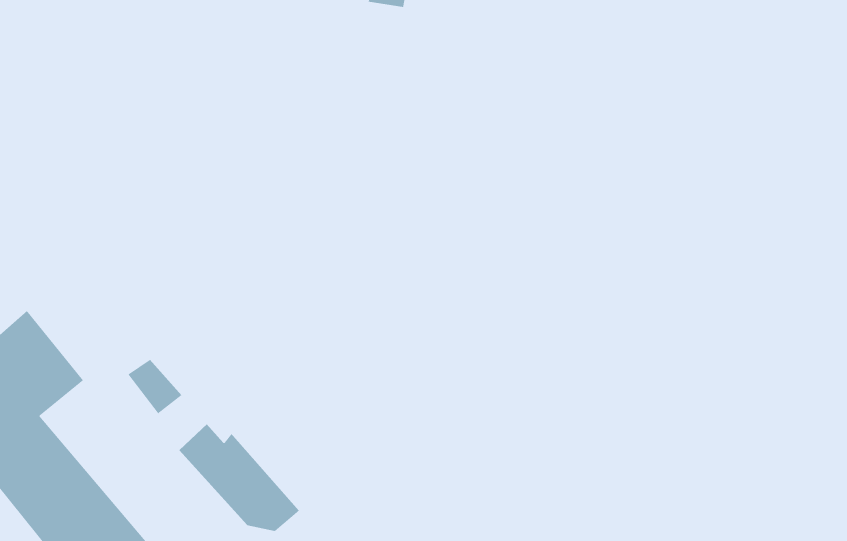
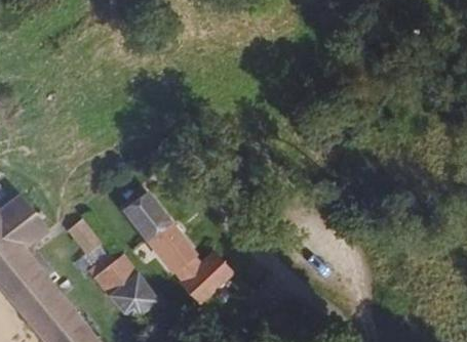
building: none -> [125,190,232,298]

